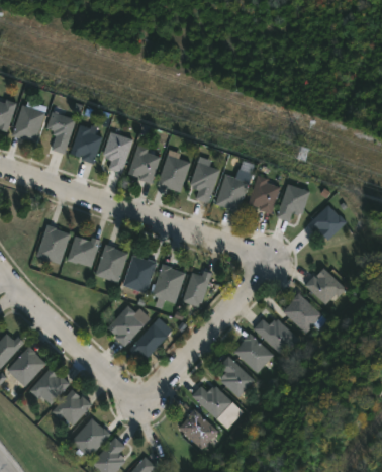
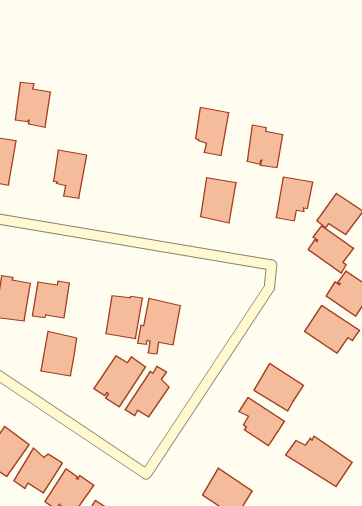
building: [71,124,103,164] -> [15,82,51,127]
building: [127,145,160,184] -> none
building: [157,154,191,192] -> none
building: [189,162,219,203] -> [196,108,229,156]
building: [249,176,281,213] -> [247,125,283,167]
building: none -> [308,226,354,273]
building: [95,244,128,282] -> [41,332,77,376]
building: [183,270,213,306] -> none
building: [254,318,296,353] -> none
building: [191,385,244,429] -> [286,436,352,487]

